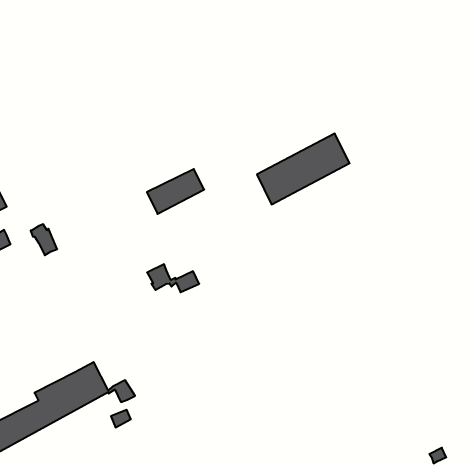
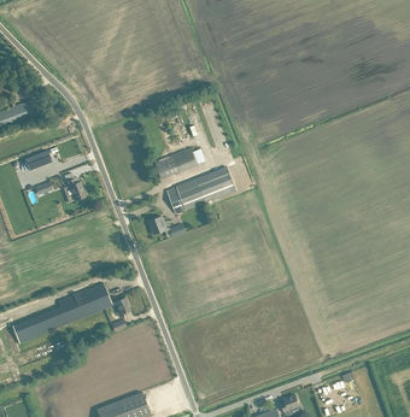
building: [257,134,350,204] -> [166,166,235,213]

